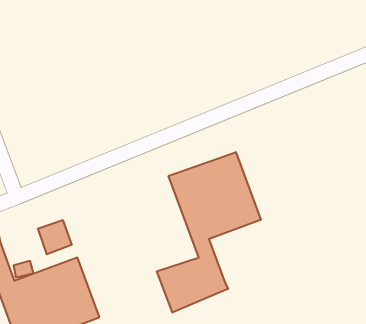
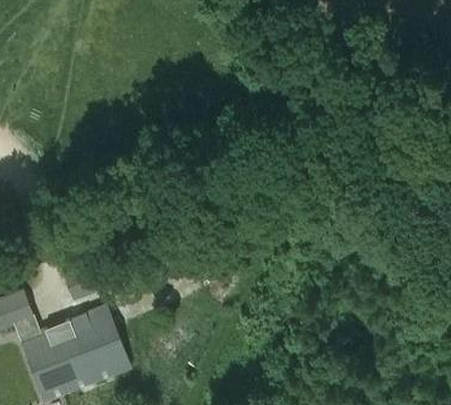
building: [157,152,261,312] -> none

